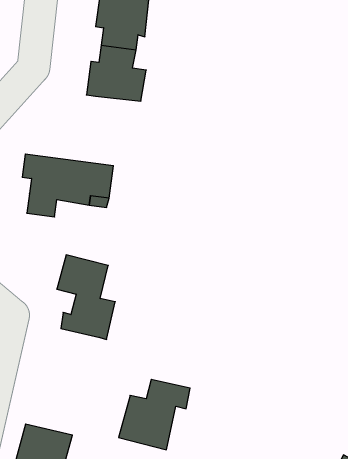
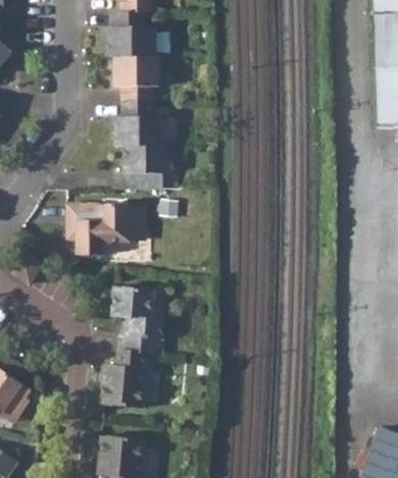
building: none -> [114,143,166,188]
building: [119,379,190,450] -> [99,349,155,408]

